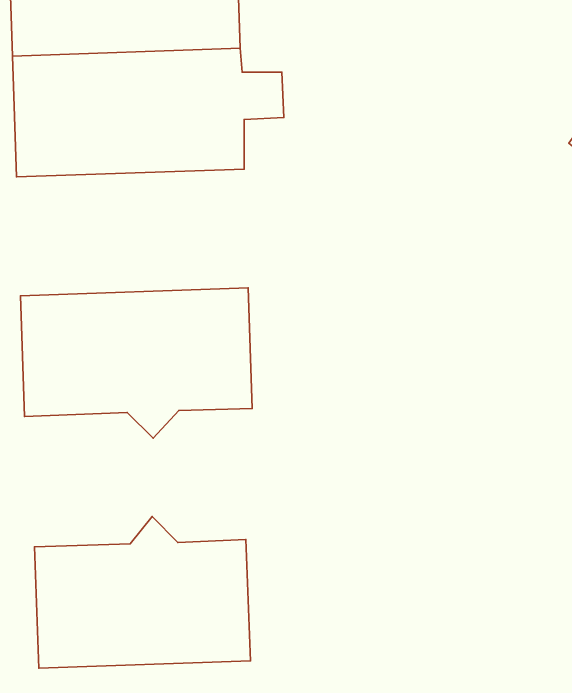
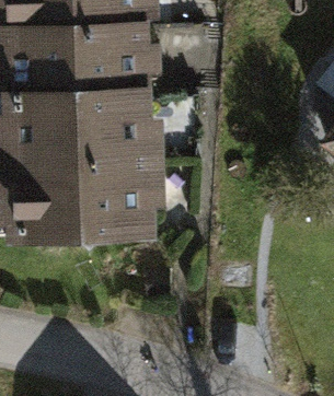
building: none -> [12,100,140,170]
building: [34,516,250,668] -> none

